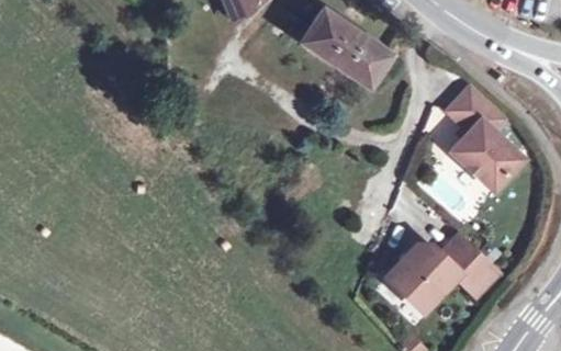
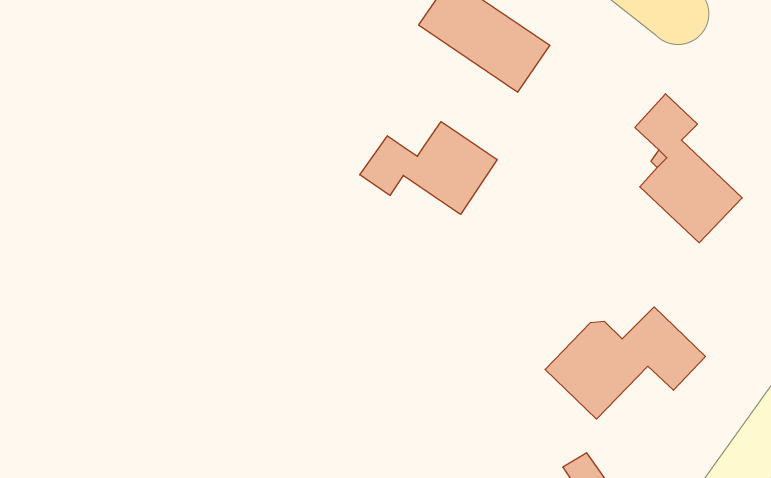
building: none -> [360,122,497,214]

